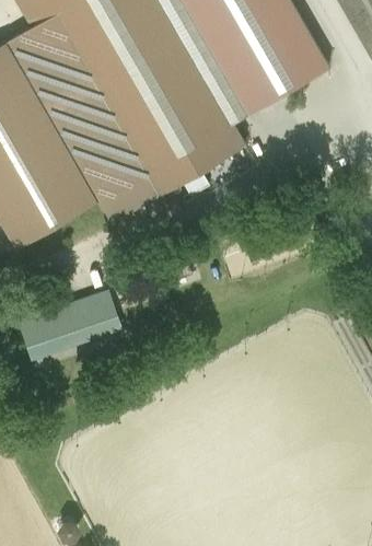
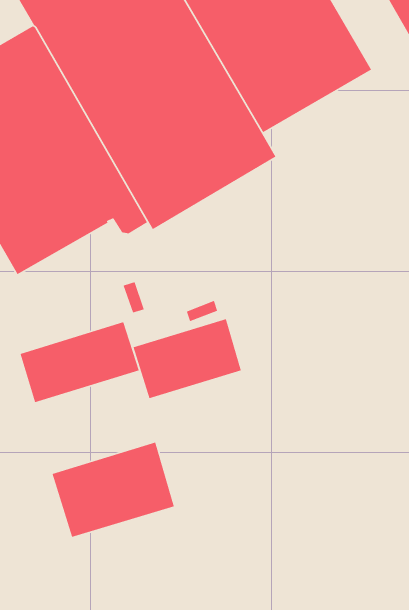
building: none -> [133,318,242,399]
building: none -> [51,442,175,538]

